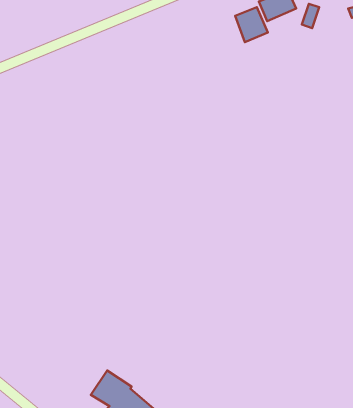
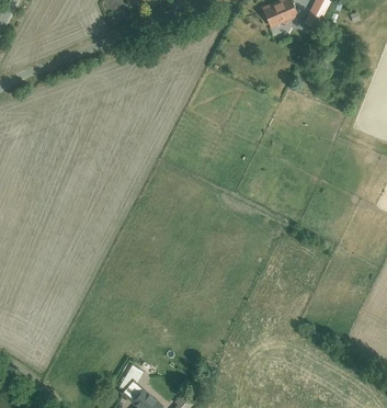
building: [235,7,268,42] -> none

